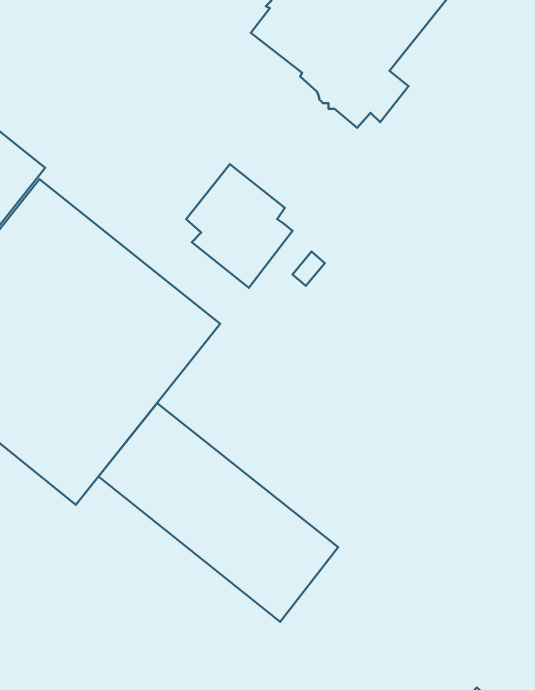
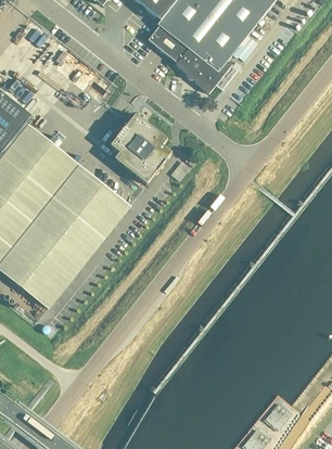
building: [98,403,338,622] -> none

